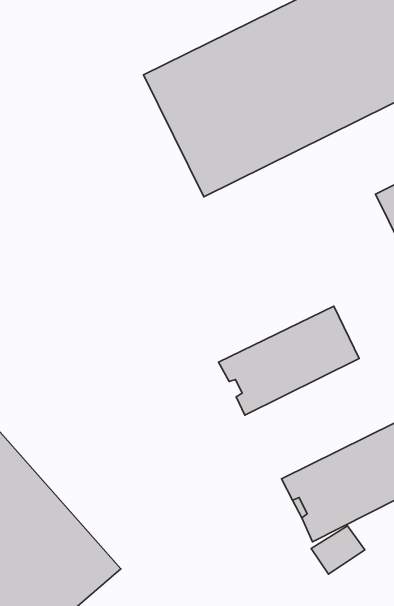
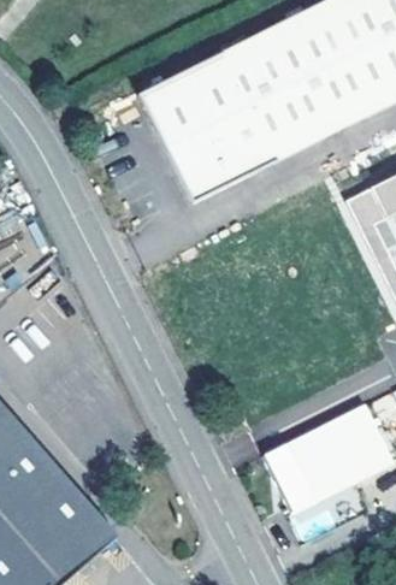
building: [218,306,359,415] -> none

